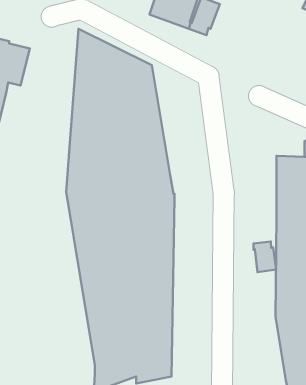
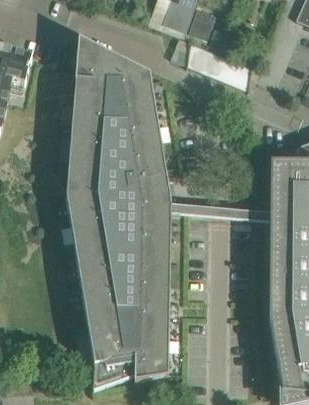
building: none -> [186,43,252,94]
building: [253,242,276,272] -> none

